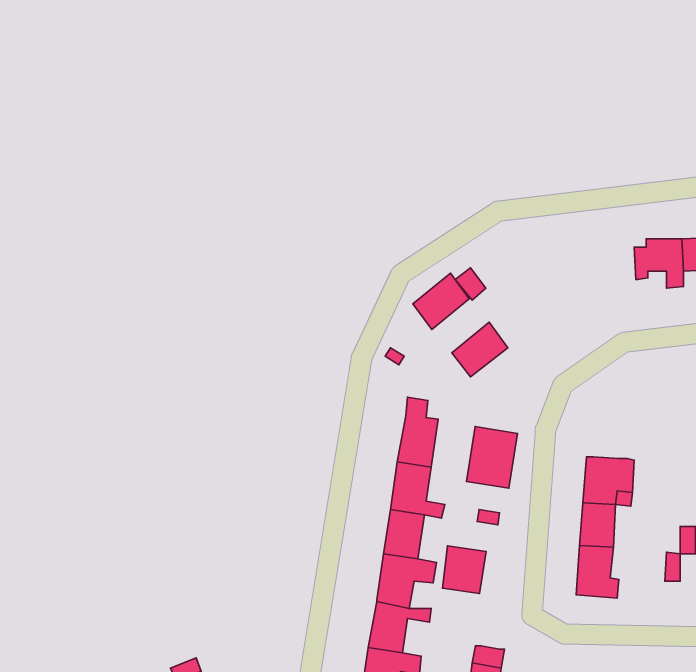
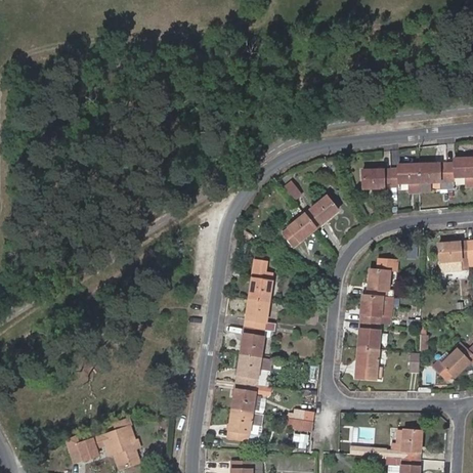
building: none -> [363,169,392,188]
building: [413,273,469,329] -> [304,196,338,229]
building: none -> [367,258,397,296]
building: [466,427,517,488] -> none
building: [443,546,486,594] -> none

